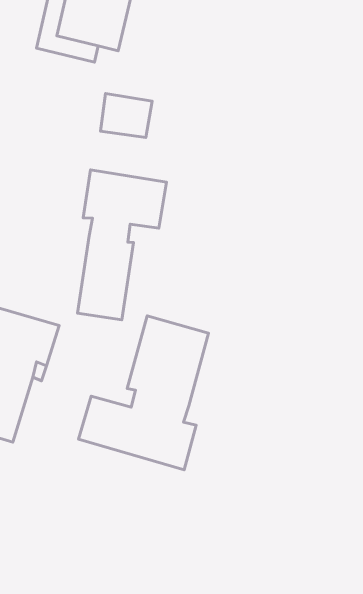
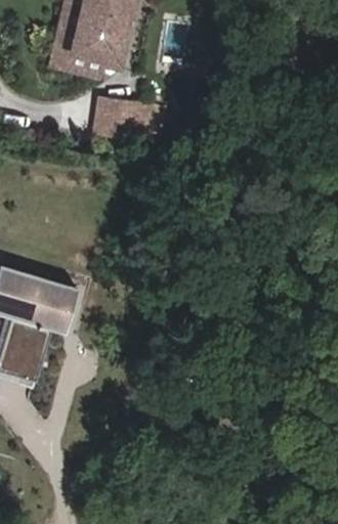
building: [78,170,166,320] -> none
building: [79,316,209,470] -> none

